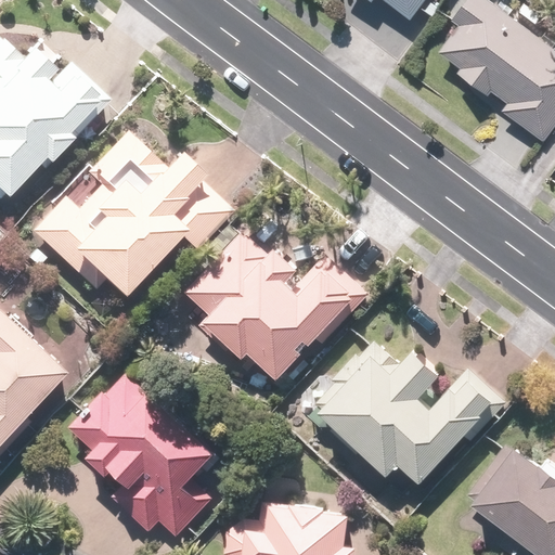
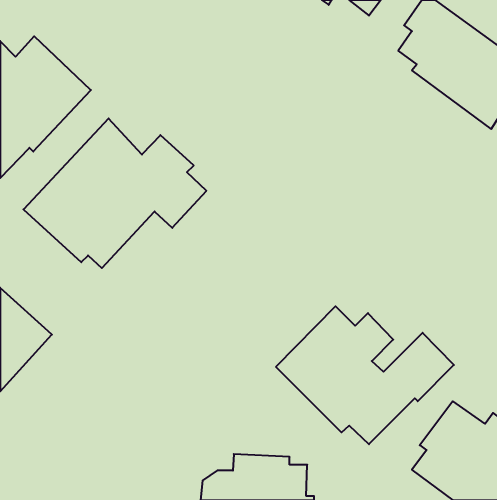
building: [183,228,372,384] -> none
building: [68,377,215,541] -> none

